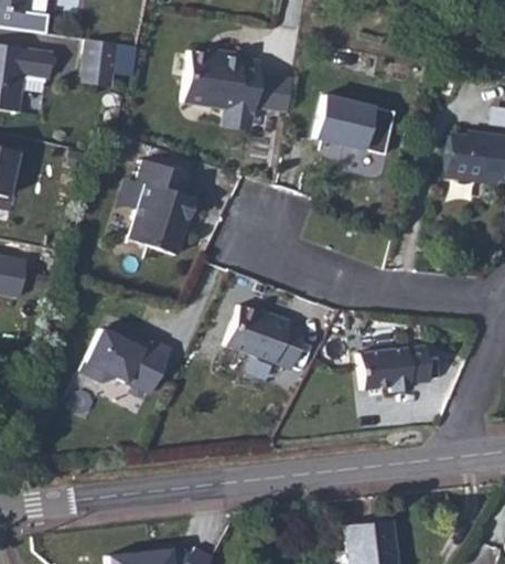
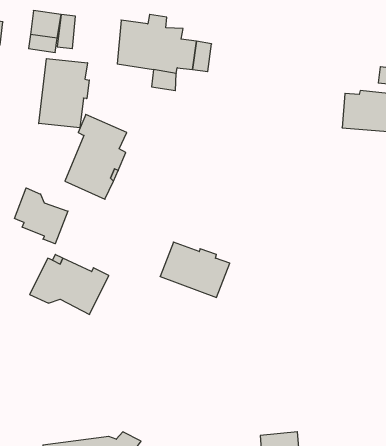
building: [312,95,393,155] -> none
building: none -> [39,59,89,128]
building: none -> [15,188,68,244]
building: [366,349,437,395] -> none

